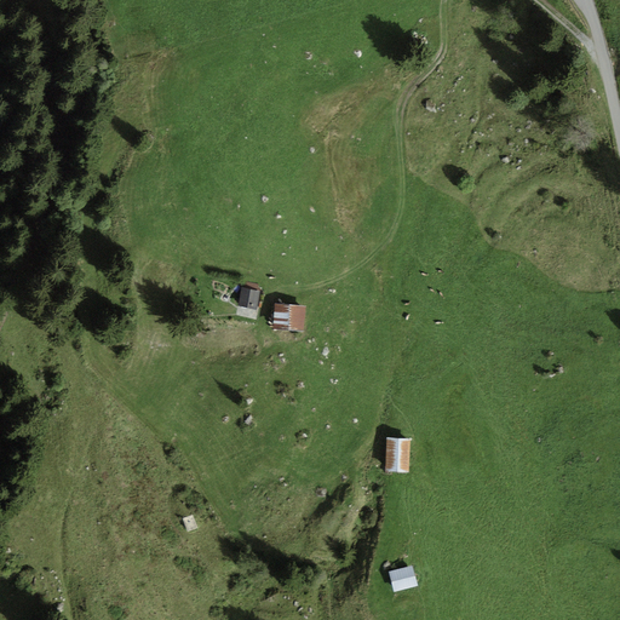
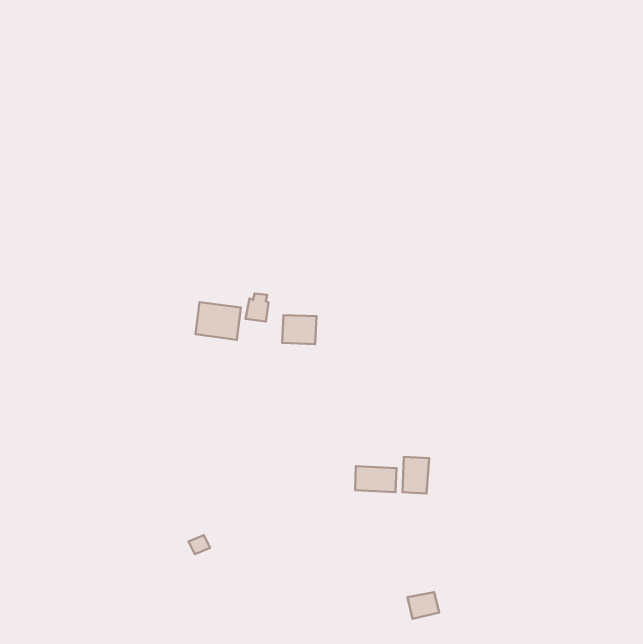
building: none -> [195,302,241,340]
building: none -> [355,466,397,492]

